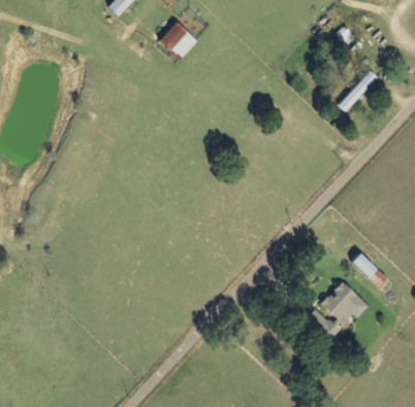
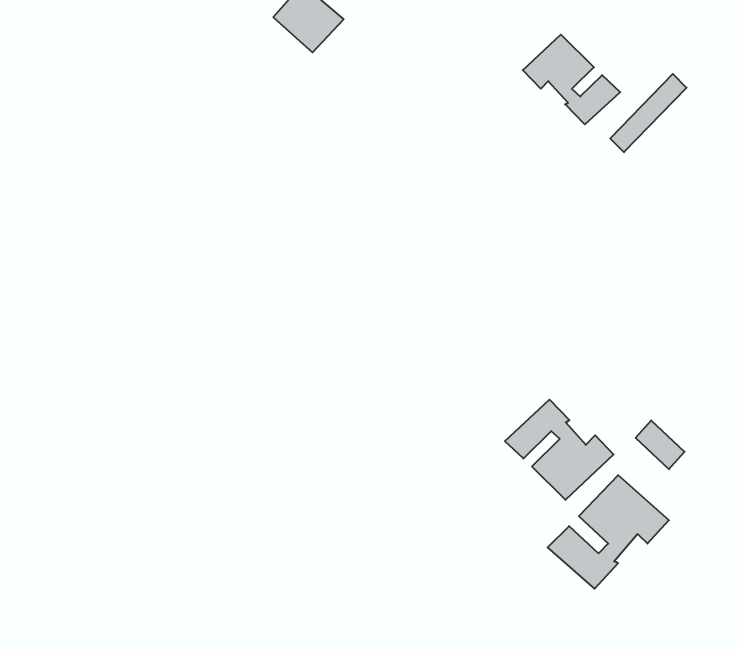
building: none -> [523,35,620,124]
building: none -> [505,400,614,500]

